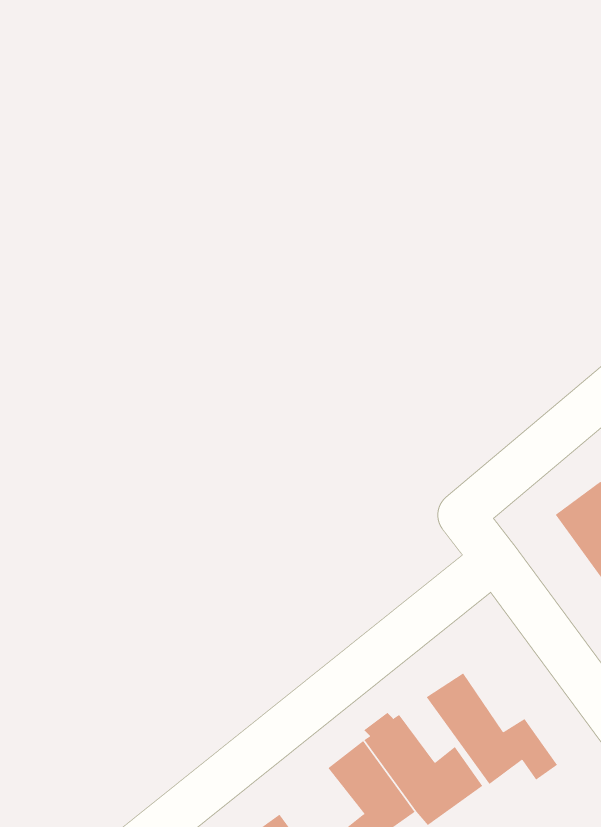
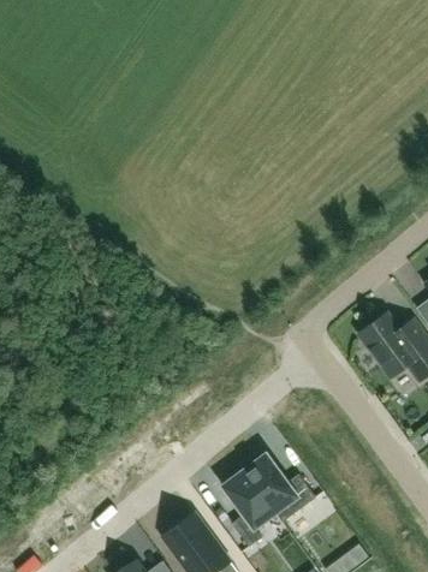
building: [426,672,558,785] -> none

